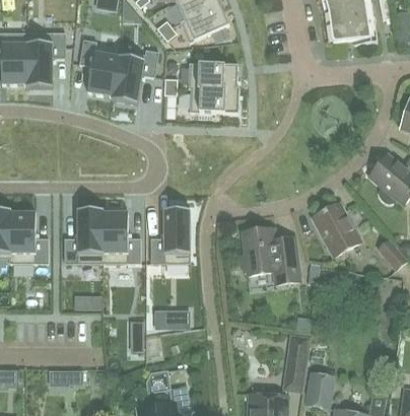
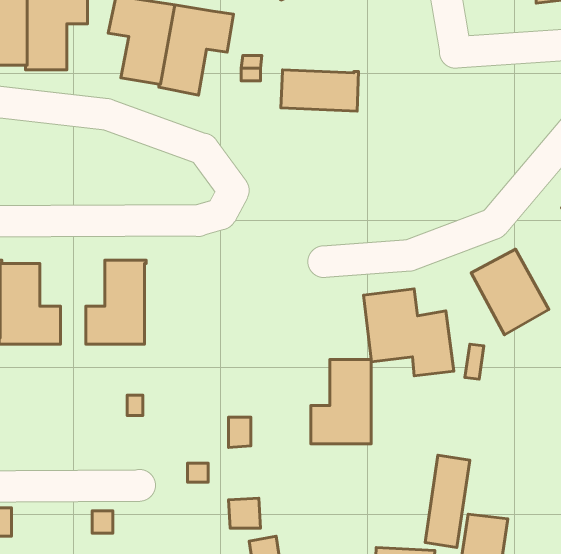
building: [188,63,237,89] -> none
building: [150,209,189,263] -> [311,360,371,444]
building: [101,211,140,263] -> none

